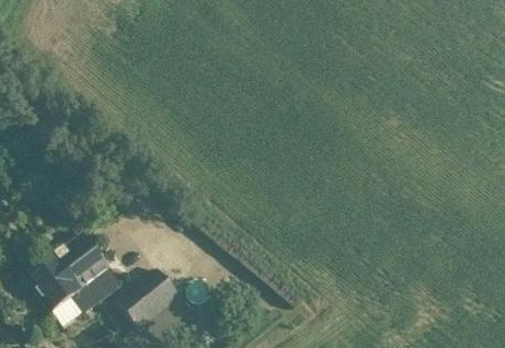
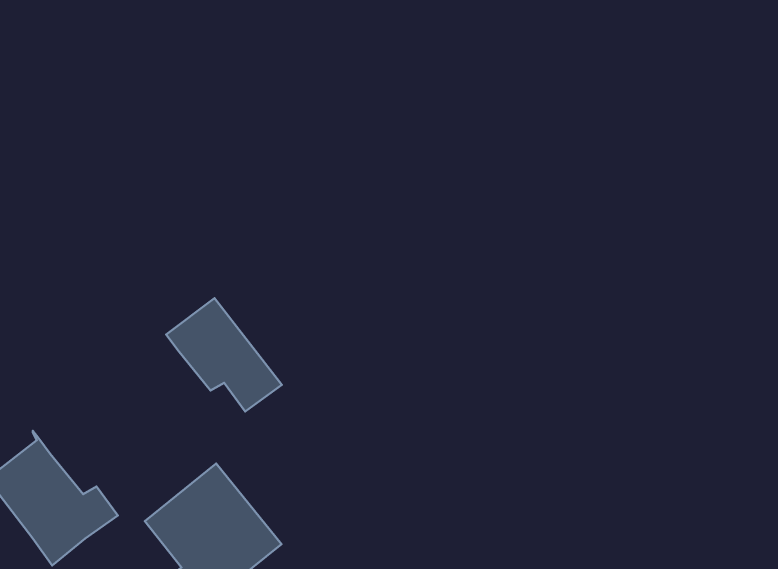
building: [59,235,125,300] -> [166,298,282,412]

